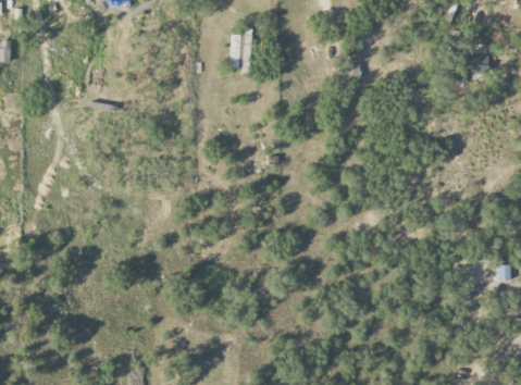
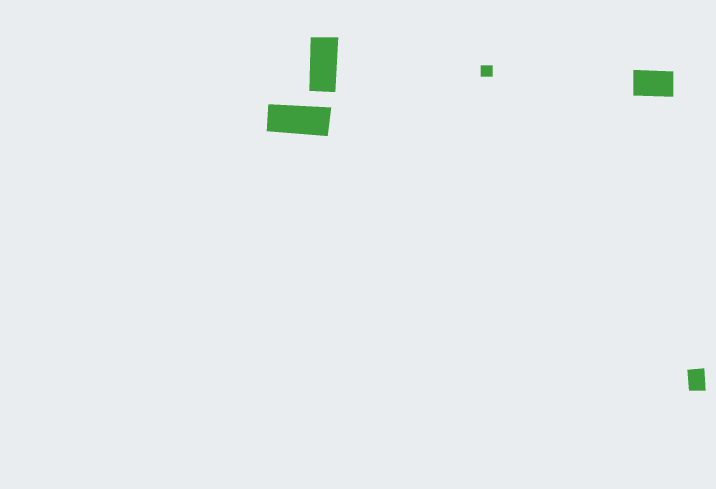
building: none -> [266,103,332,137]

